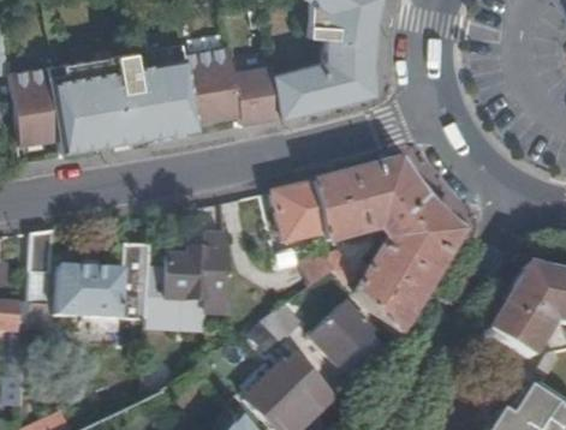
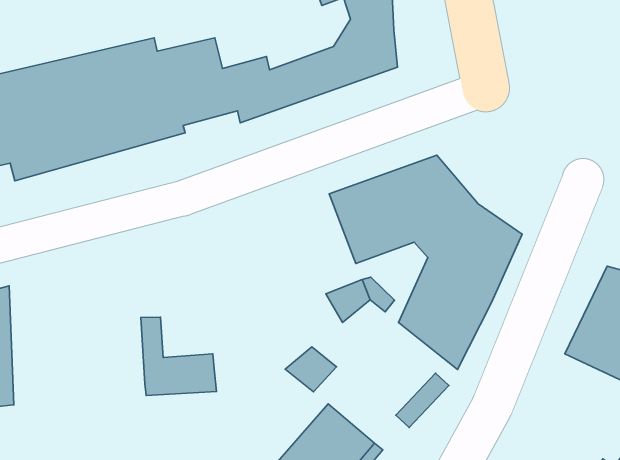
building: [262,185,323,244] -> none
building: [165,237,228,315] -> none
building: [55,244,151,321] -> none
building: [309,303,373,366] -> none

